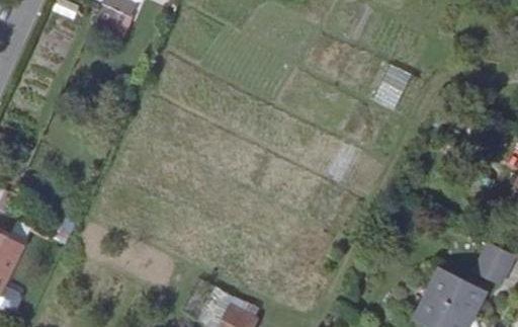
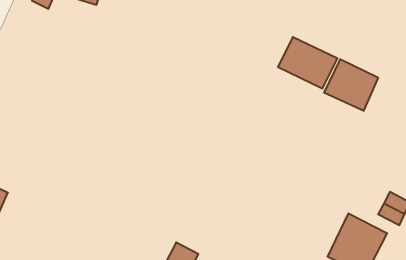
building: none -> [324,59,378,111]

